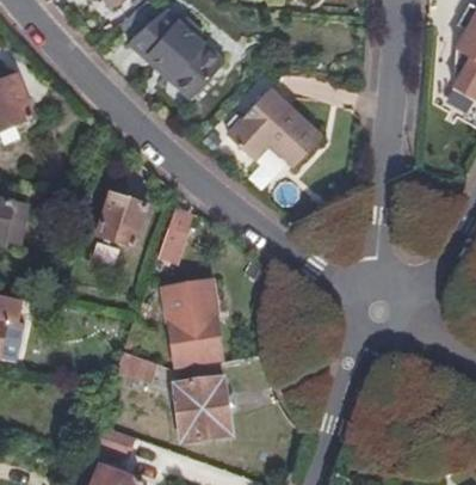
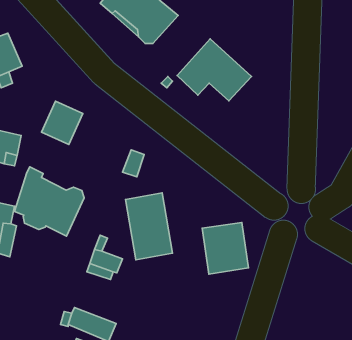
building: [93,201,146,256] -> [41,101,83,144]
building: none -> [14,167,84,236]
building: [174,379,233,444] -> [202,223,248,274]

